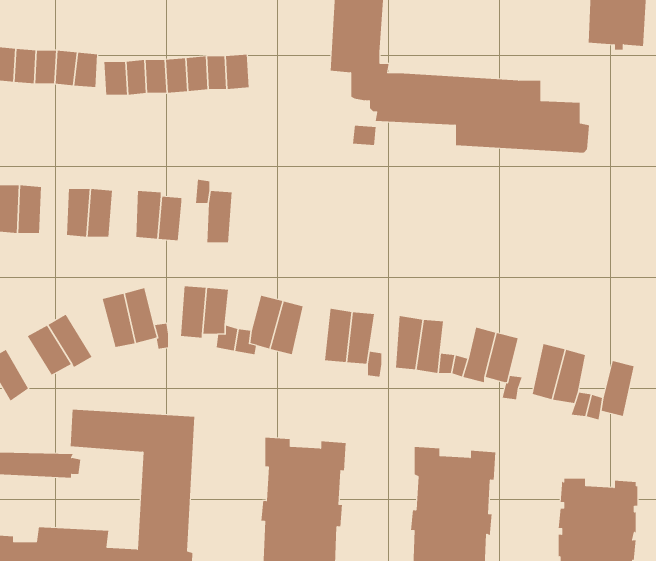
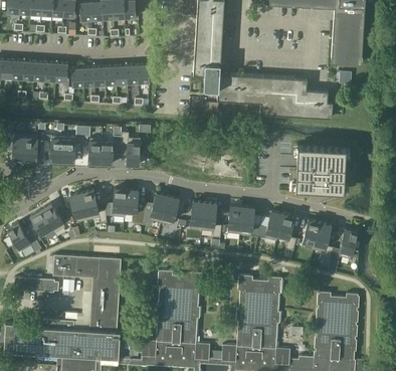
building: none -> [295,146,346,192]

